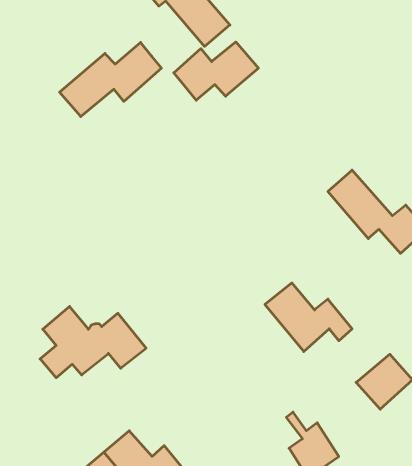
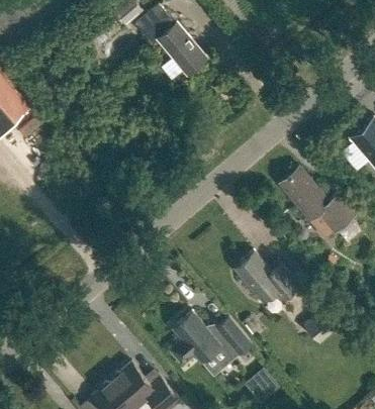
building: [174,42,258,100] -> none
building: [60,42,161,117] -> none
building: [40,306,146,378] -> [170,312,250,366]

